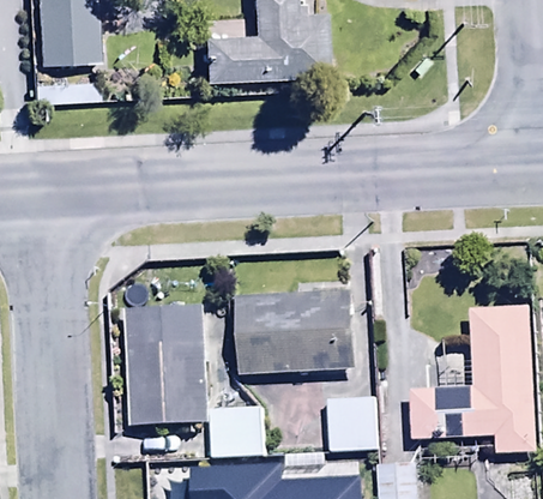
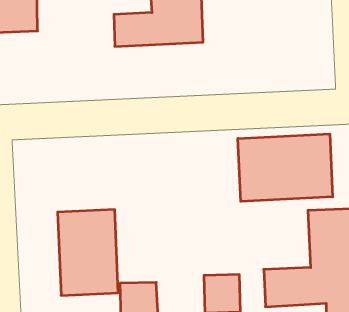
building: none -> [238,134,333,201]
building: [233,290,354,374] -> none

